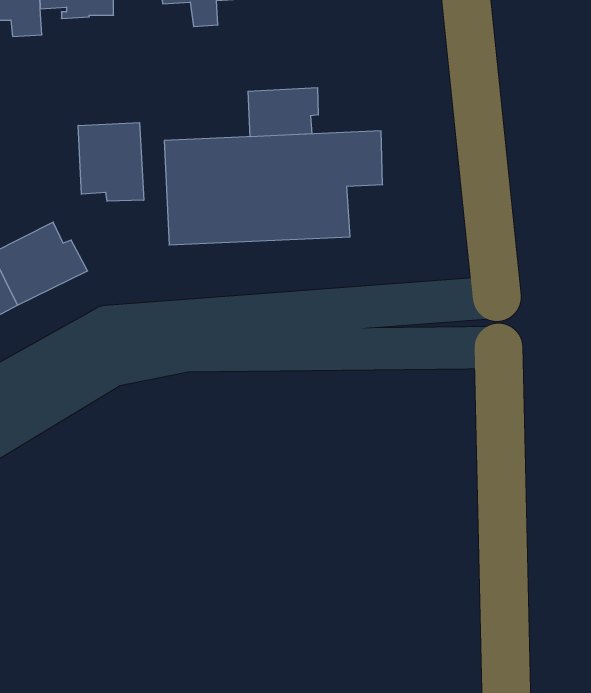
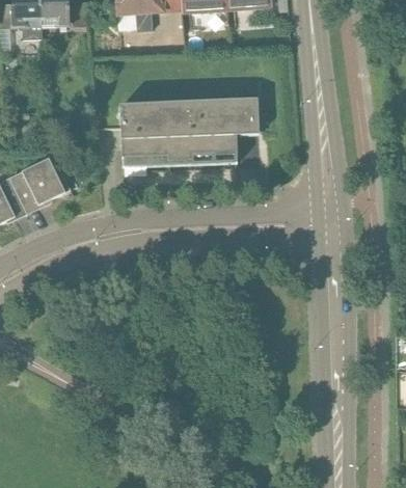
building: [248,88,318,137] -> none
building: [78,123,144,201] -> none

